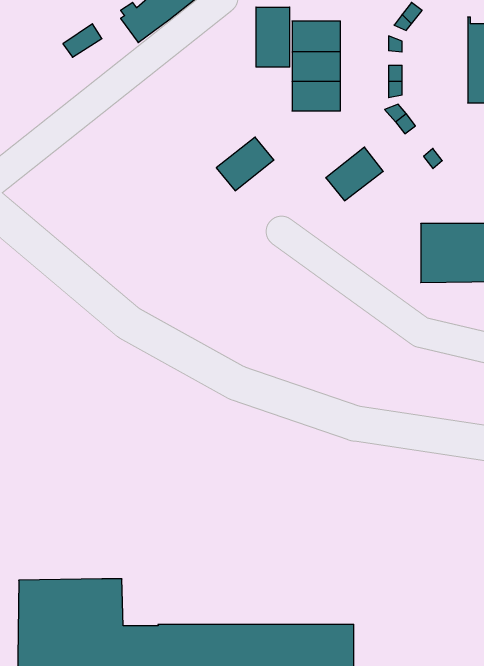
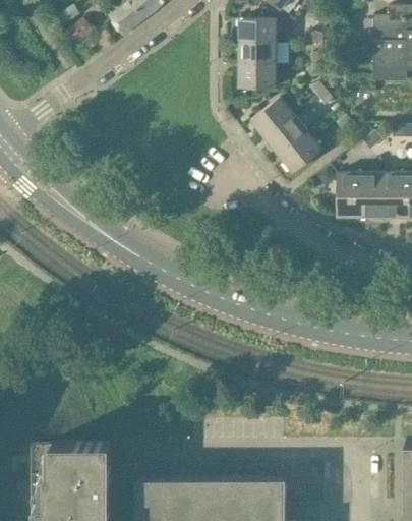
building: [256,7,290,67] -> none
building: [216,137,274,191] -> [251,98,295,138]
building: none -> [280,133,322,173]

